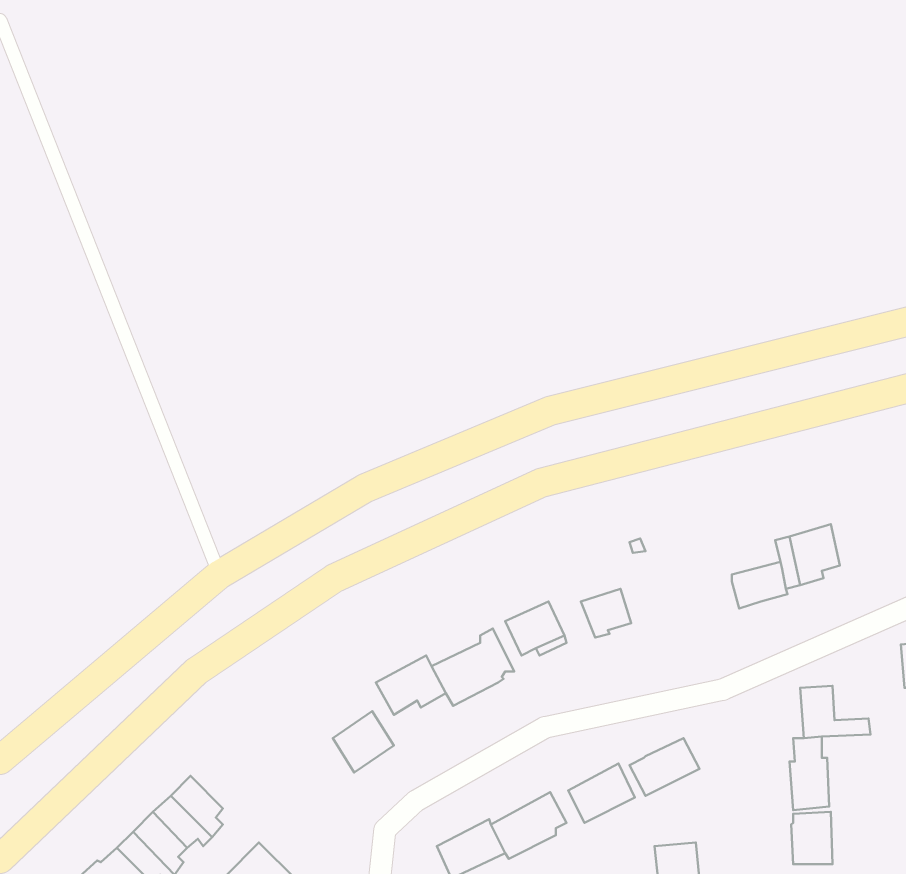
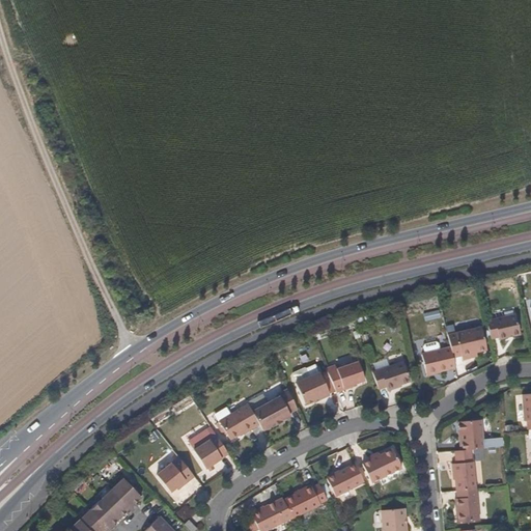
building: none -> [493,317,519,344]
building: none -> [372,364,403,391]
building: none -> [157,457,195,496]

